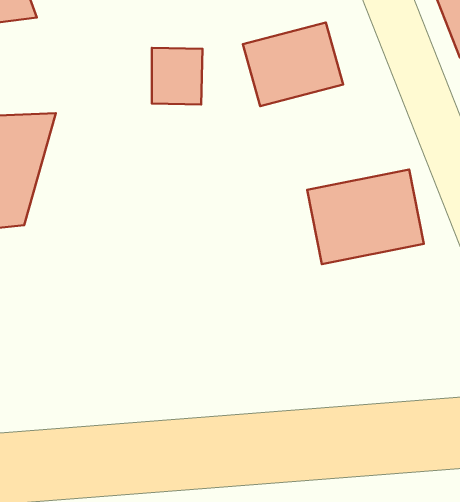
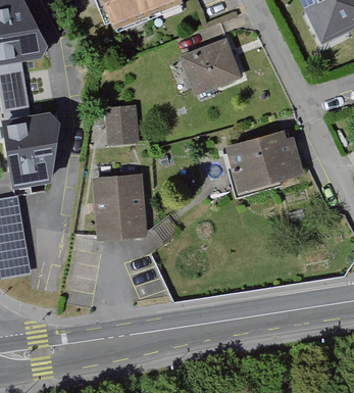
building: [152,48,203,104] -> [107,104,142,142]
building: none -> [92,176,144,237]

